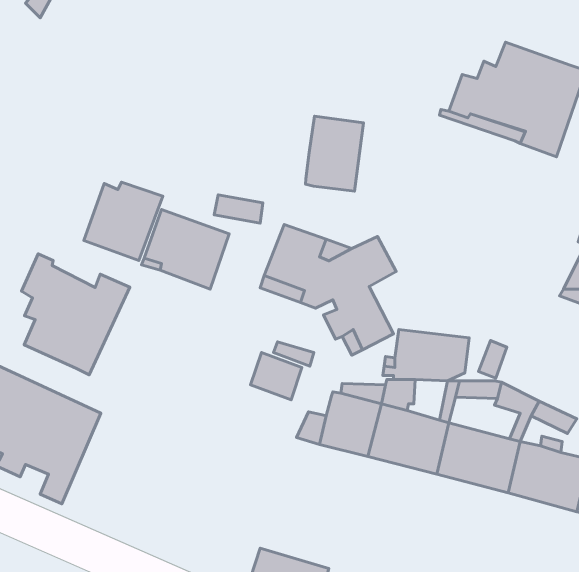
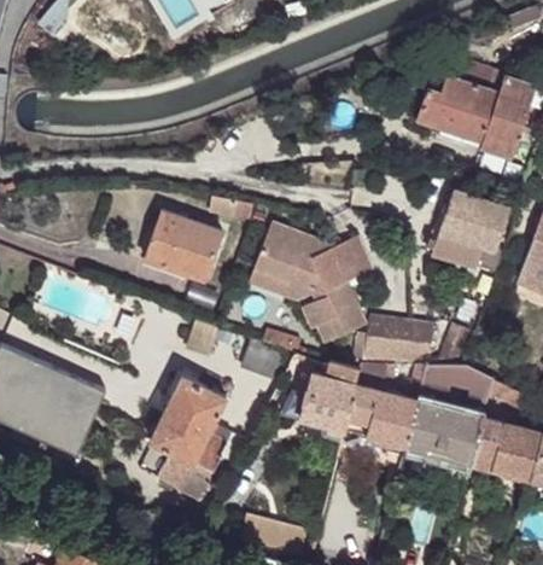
building: [306,116,363,191] -> none
building: [84,182,163,260] -> none
building: none -> [432,192,510,275]
building: [21,254,130,375] -> none
building: none -> [148,377,229,502]

